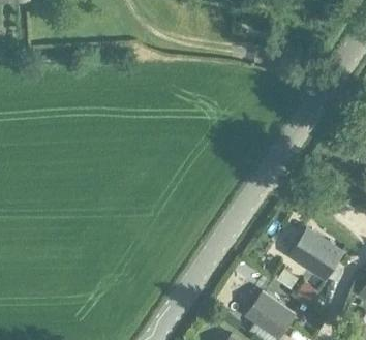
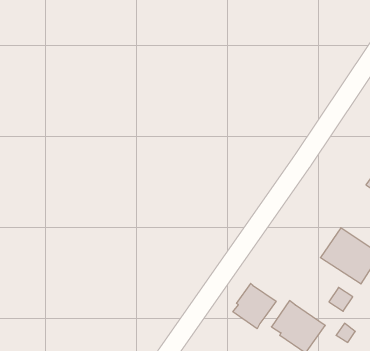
building: none -> [233,283,276,329]

